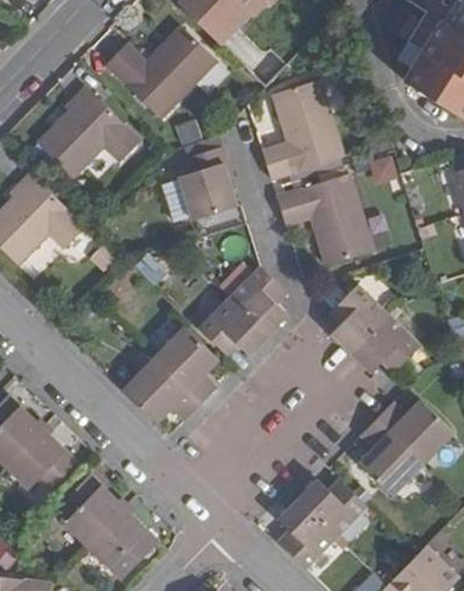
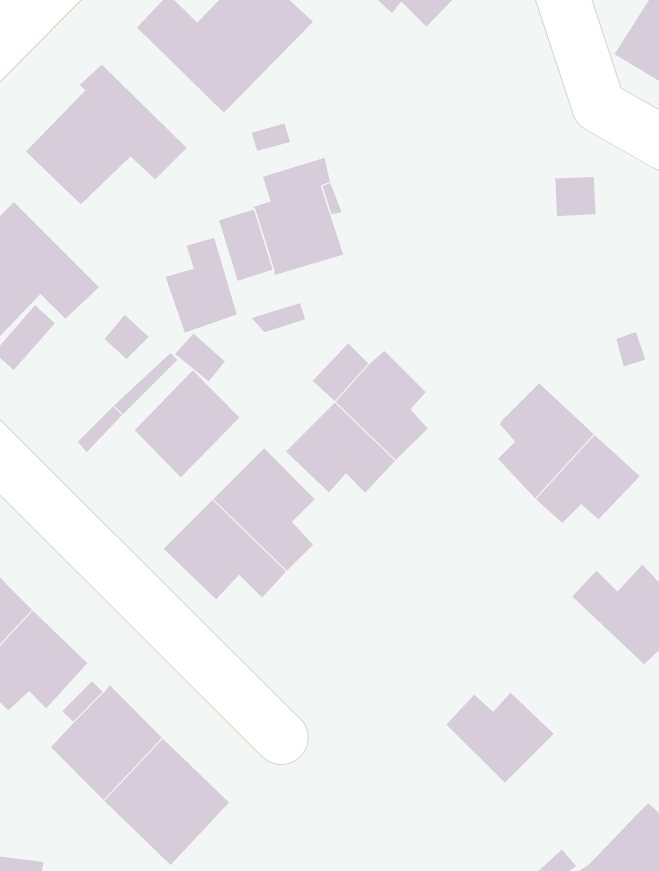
building: [263,78,343,178] -> none
building: [278,174,373,266] -> none
building: none -> [165,237,238,333]
building: none -> [134,369,240,478]
building: [360,419,422,495] -> none
building: [279,498,336,567] -> none

